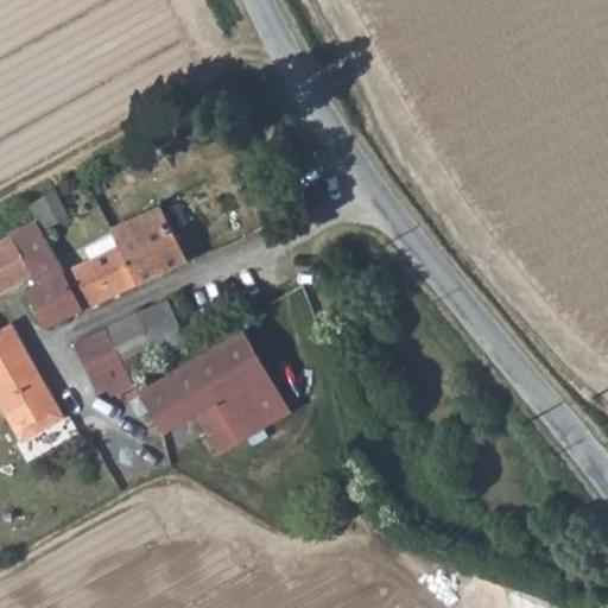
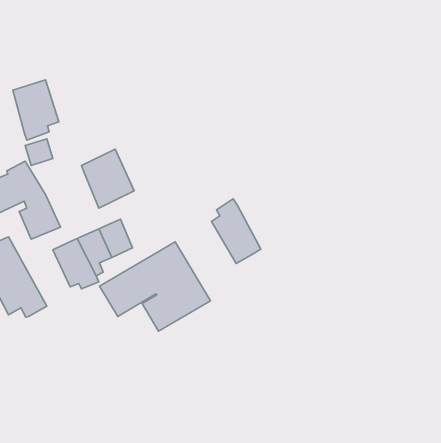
building: none -> [13,80,59,140]
building: [63,236,135,311] -> none
building: none -> [212,199,261,264]

